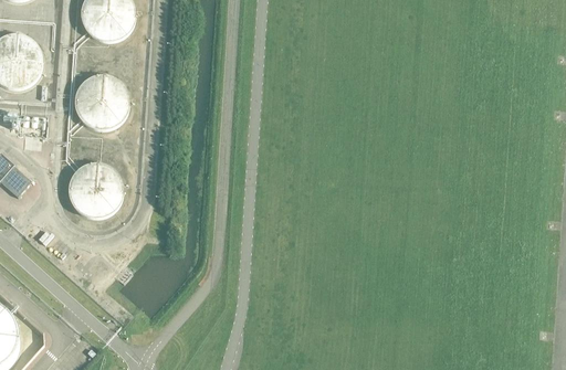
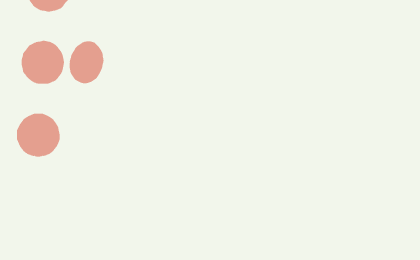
building: none -> [69,40,104,84]

